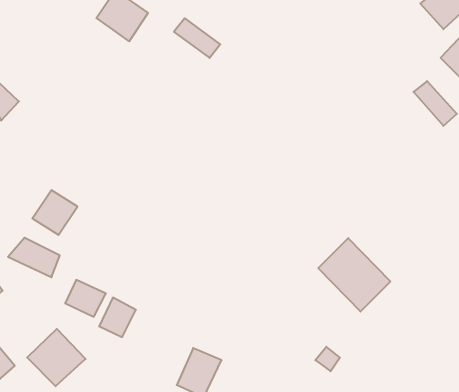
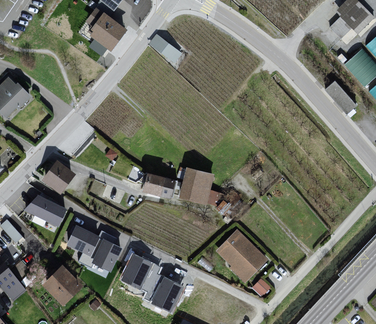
building: none -> [179,167,216,204]
building: none -> [144,172,176,199]
building: [318,238,390,312] -> [214,229,267,283]
building: none -> [119,253,152,289]

